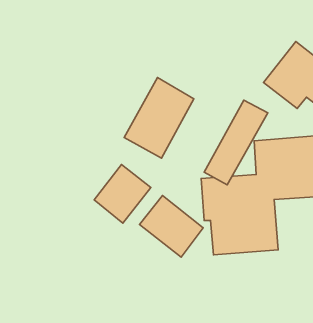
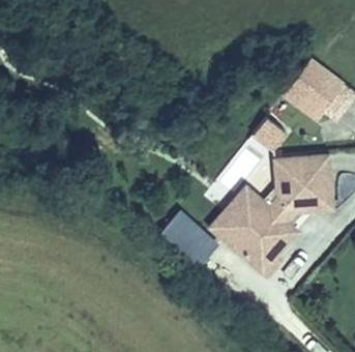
building: [124,78,194,158] -> none
building: [94,164,151,223] -> none

